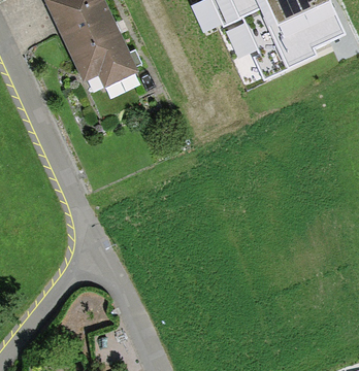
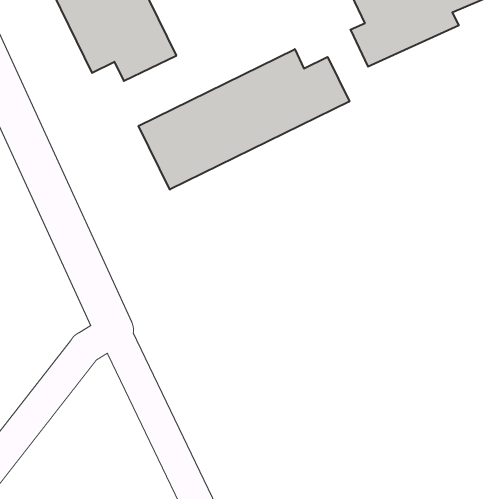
building: none -> [139,49,349,190]

